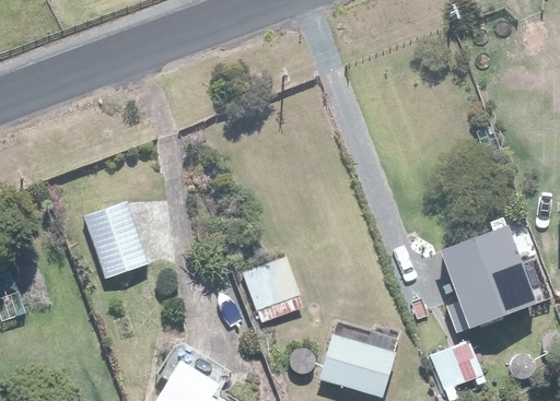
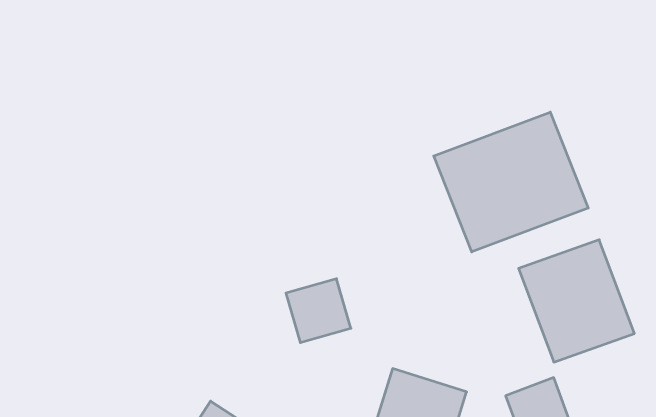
building: none -> [434,112,588,252]
building: [83,200,148,276] -> none

